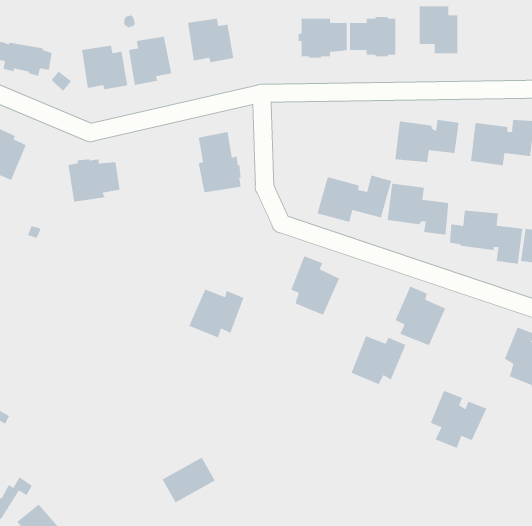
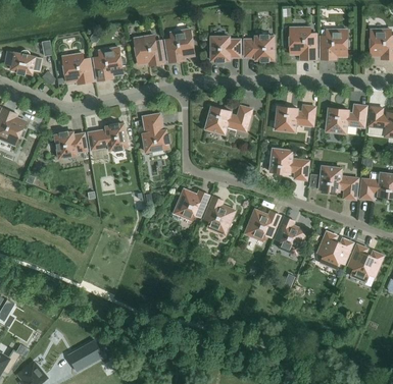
building: none -> [164,29,194,62]
building: none -> [320,29,346,59]
building: none -> [86,121,129,152]
building: [316,175,392,223] -> [202,103,253,135]
building: [188,288,244,338] -> [171,187,209,221]
building: [350,335,406,385] -> [243,208,281,241]
building: [430,390,487,449] -> [315,229,354,269]
building: [161,457,216,504] -> [66,339,103,371]

